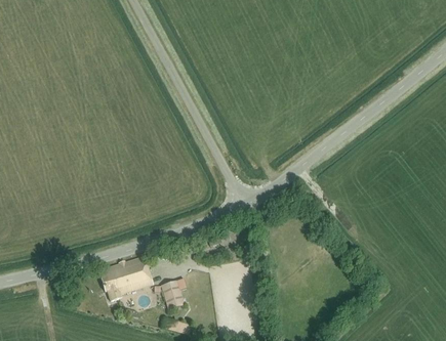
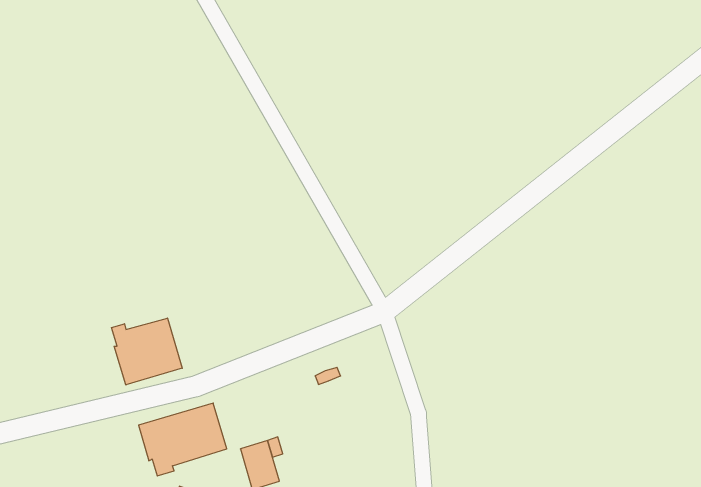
building: none -> [112,318,182,385]

